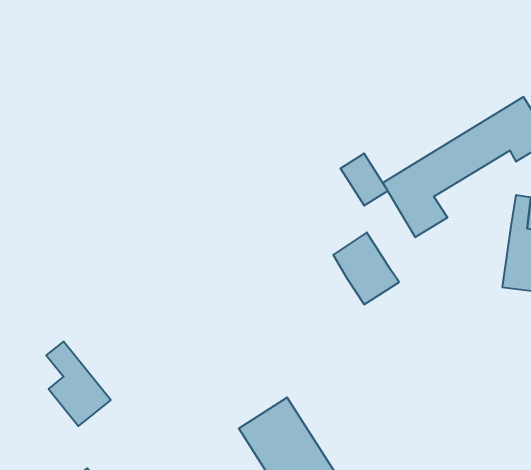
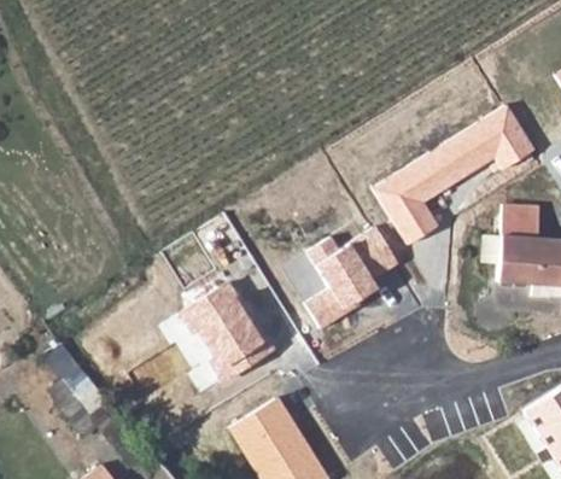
building: [340,153,388,206] -> [357,223,403,274]
building: none -> [186,279,276,379]
building: none -> [306,282,355,328]

